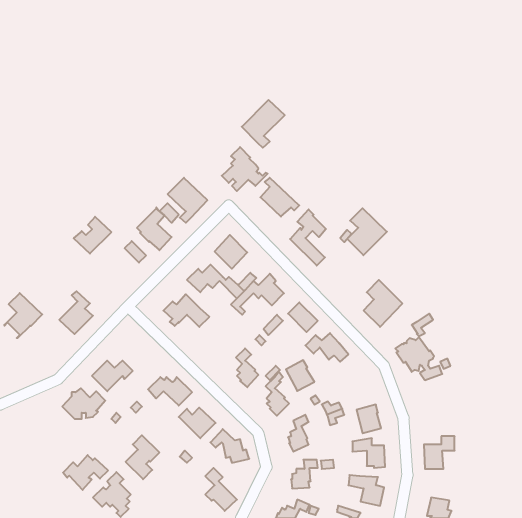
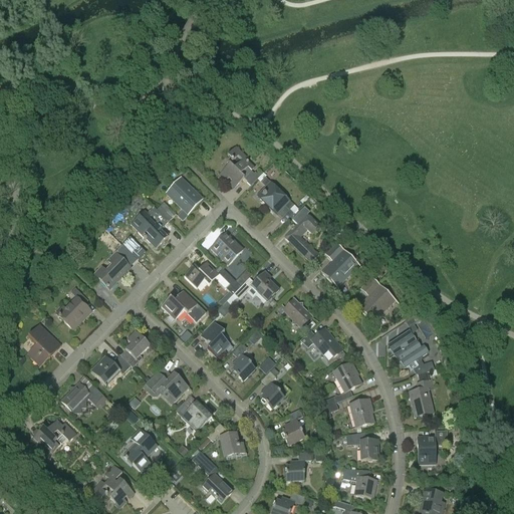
building: [242,100,285,148] -> none
building: [347,208,387,255] -> [321,240,360,286]
building: [74,217,111,254] -> [94,251,132,287]
building: [4,293,42,338] -> [24,323,61,367]
building: none -> [201,320,233,356]
building: none -> [120,329,150,366]
building: [286,360,314,391] -> [334,361,362,392]
building: none -> [408,377,434,417]
building: [63,455,108,490] -> [33,418,77,452]

